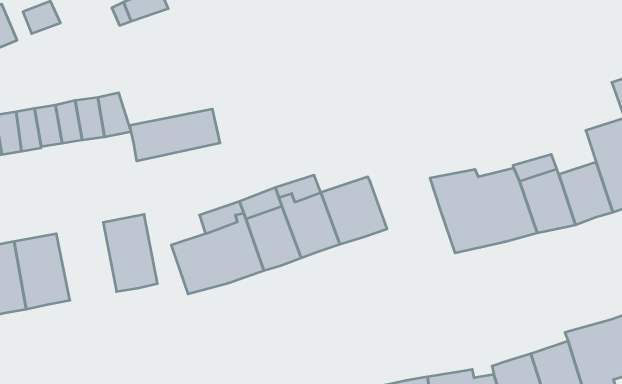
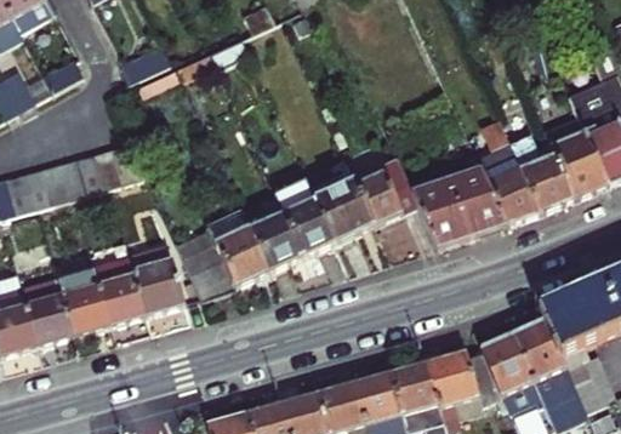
building: [130,109,220,161] -> none
building: none -> [360,170,425,232]
building: none -> [90,253,148,325]

